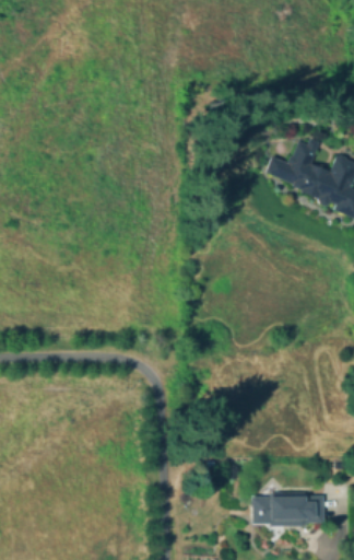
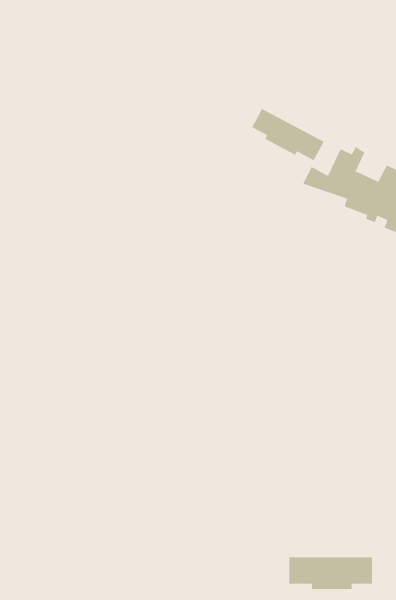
building: none -> [251,108,324,161]

